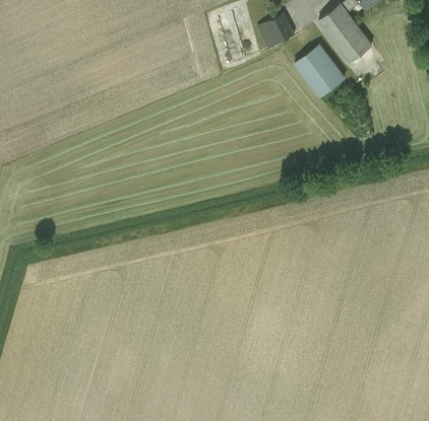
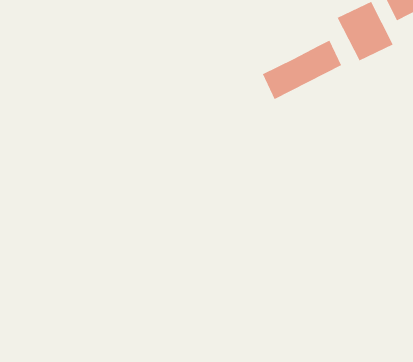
building: none -> [262,39,342,100]

